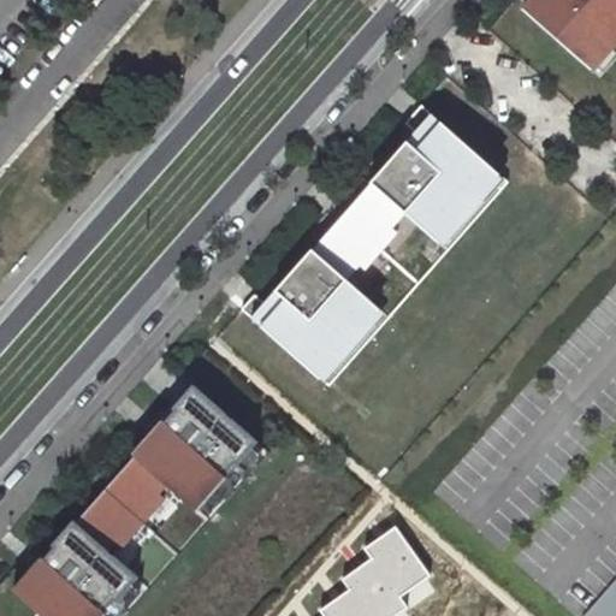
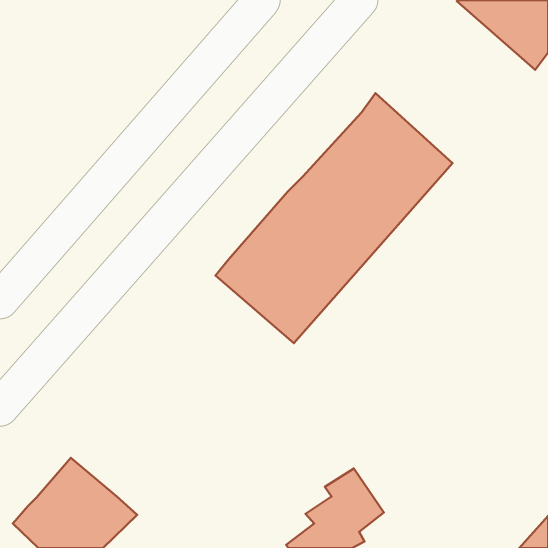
building: [79,386,249,557] -> none

